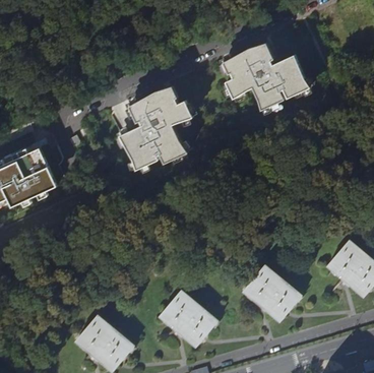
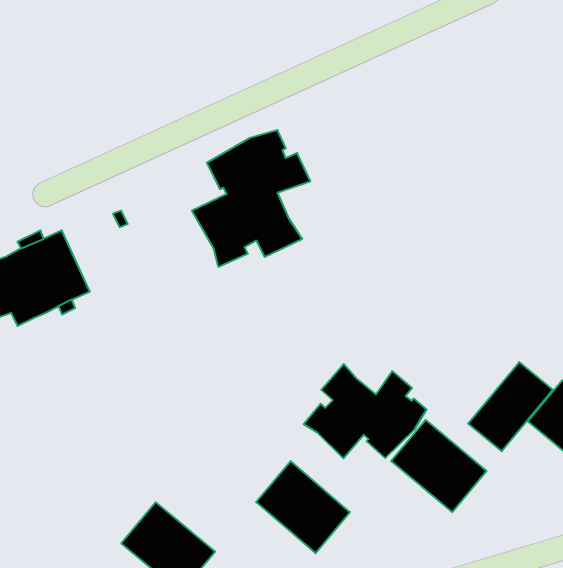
building: [224,42,311,110] -> none
building: none -> [468,362,553,451]
building: none -> [304,364,427,458]

